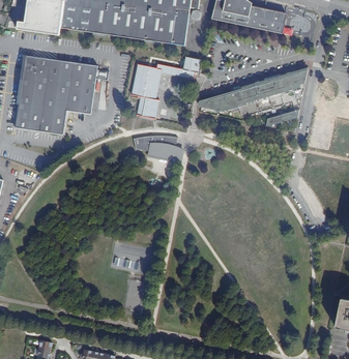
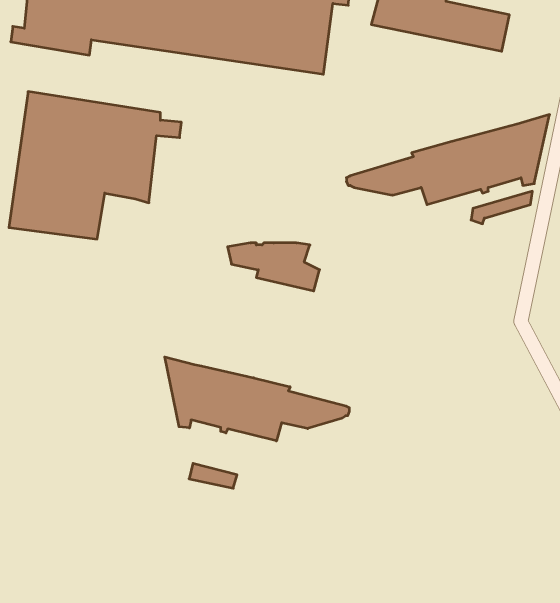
building: [132,56,200,118] -> none
building: none -> [165,357,349,441]

